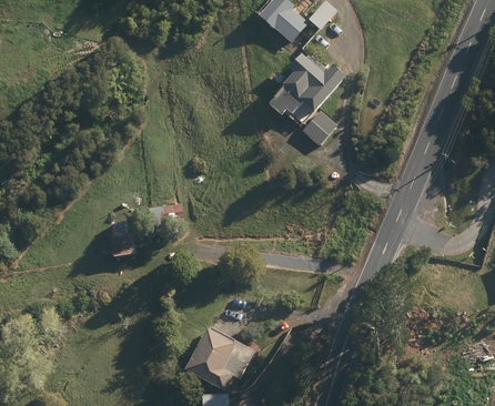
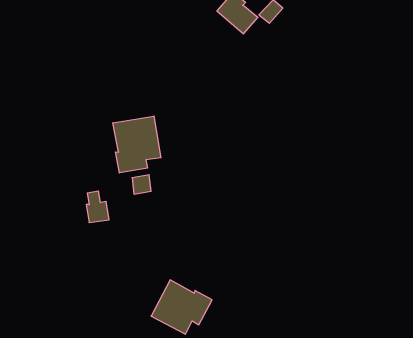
building: [269,54,345,114] -> none
building: [303,112,335,145] -> none
building: none -> [113,116,161,173]

